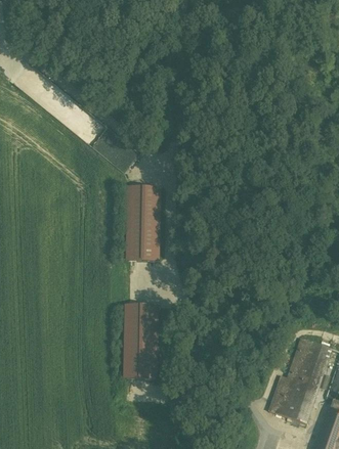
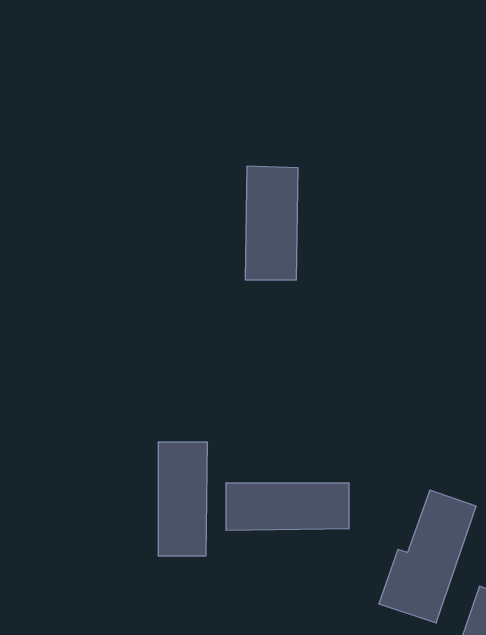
building: [125,188,159,261] -> [245,166,298,280]
building: none -> [226,483,349,530]

